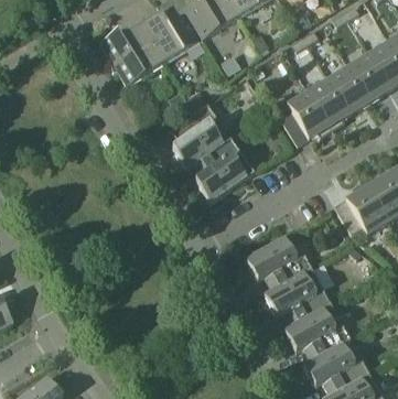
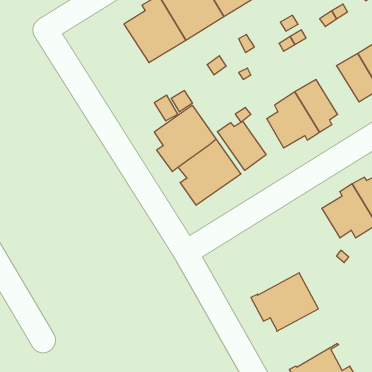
building: [98,25,163,86] -> none
building: [327,66,369,114] -> none
building: none -> [217,121,266,170]
building: [244,237,311,291] -> none
building: [282,304,348,362] -> none

